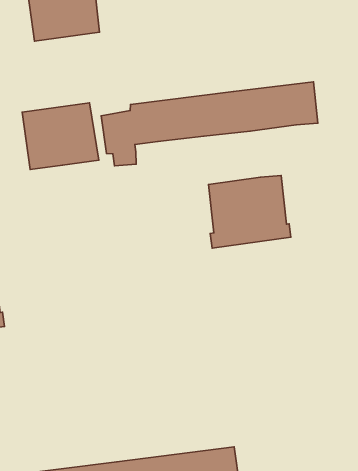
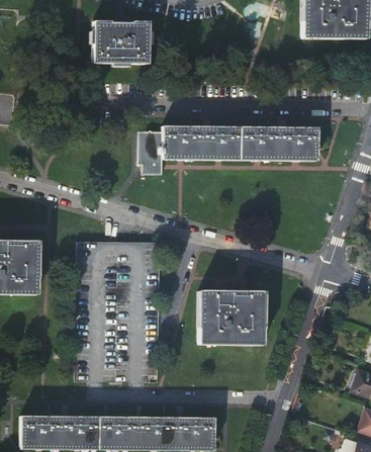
building: [22,103,99,170] -> none
building: [208,176,291,248] -> [196,291,262,344]

